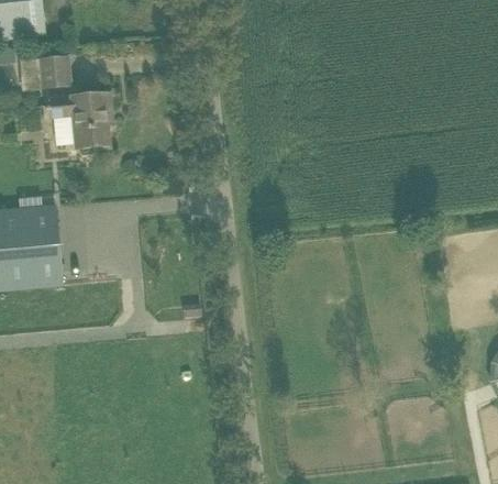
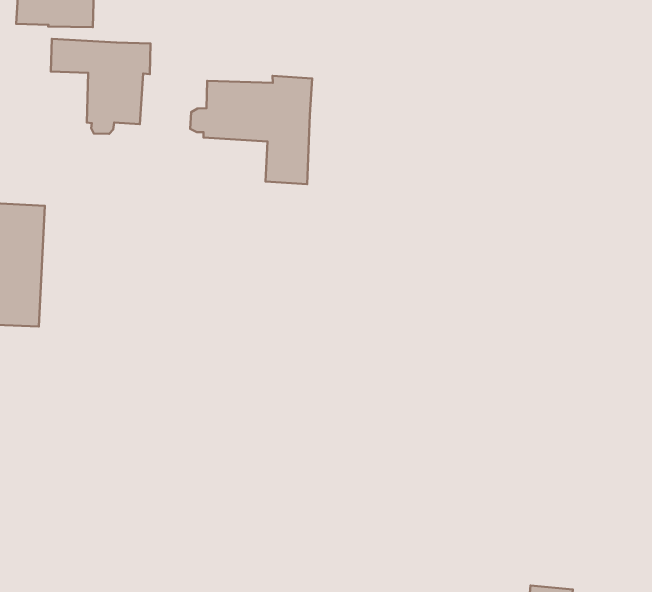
building: none -> [190,76,312,184]

